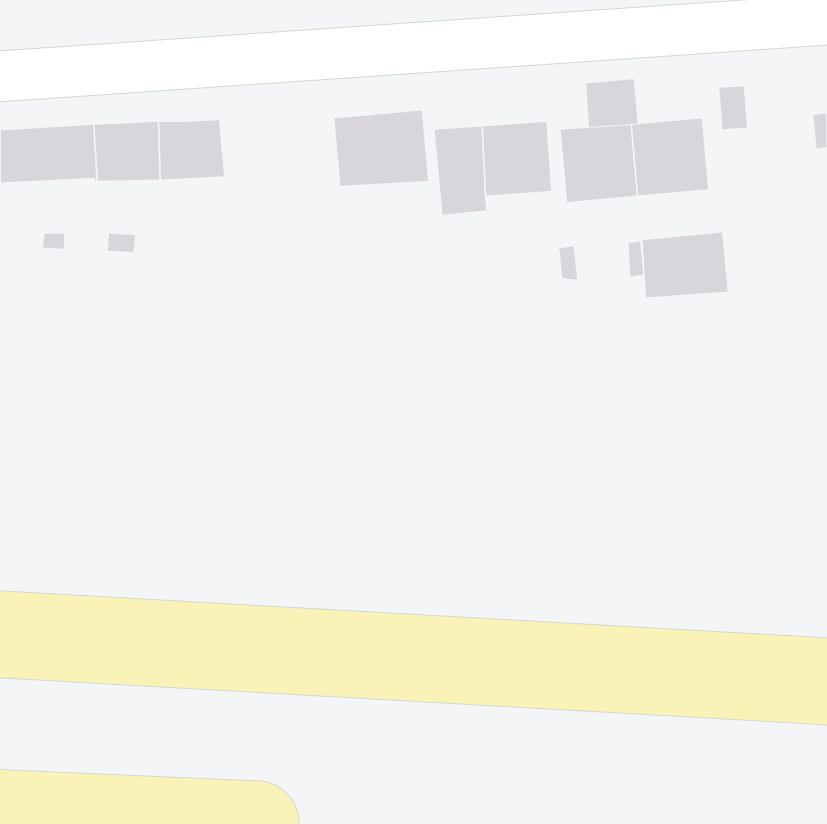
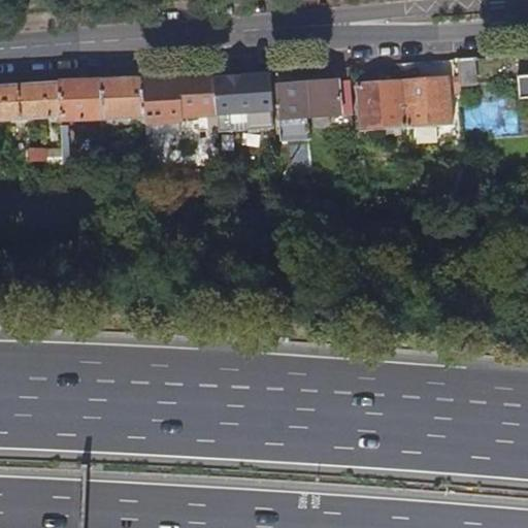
building: [586,78,638,127] -> none
building: none -> [140,75,217,129]
building: [642,232,728,298] -> none

